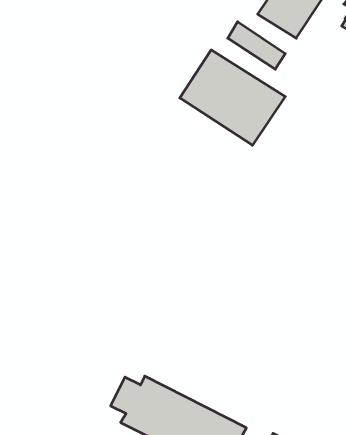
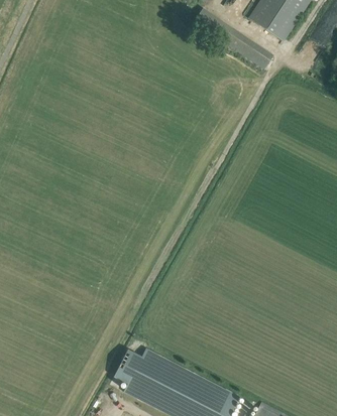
building: [180,50,285,145] -> none

